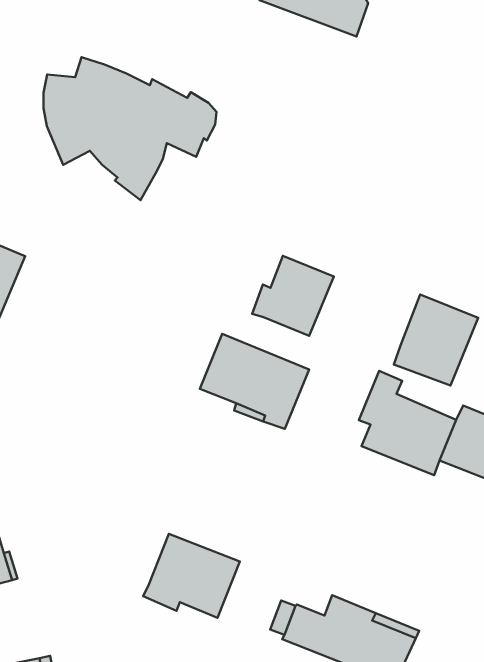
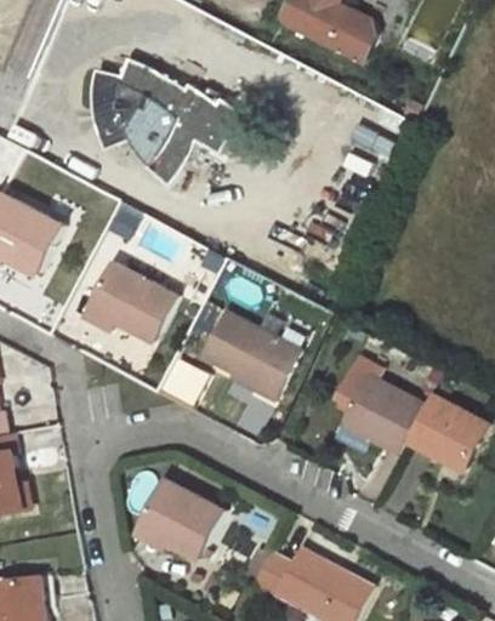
building: [252,256,334,336] -> none
building: none -> [87,262,176,342]
building: [394,294,478,386] -> none

